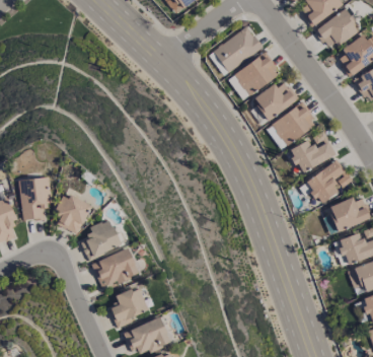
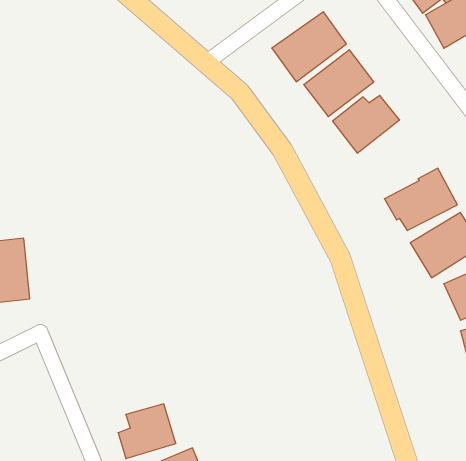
building: [265,103,316,149] -> none
building: [51,193,91,234] -> none
building: [80,219,121,259] -> none
building: [91,248,138,289] -> none

